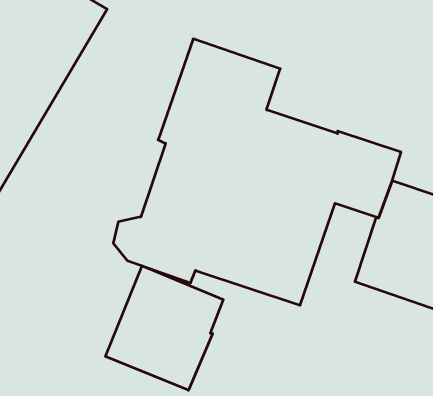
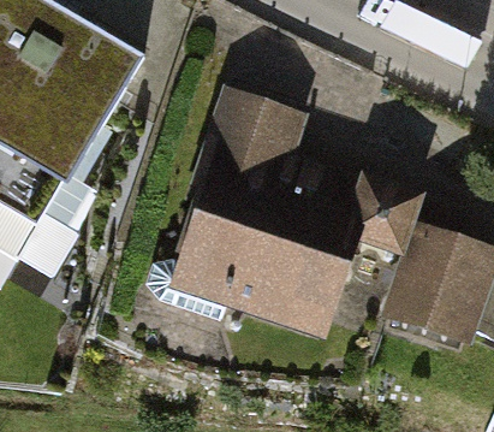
building: [106,266,223,390] -> none

